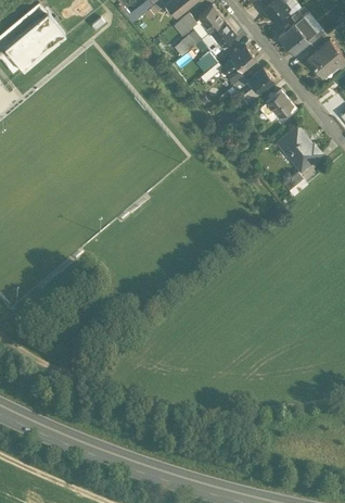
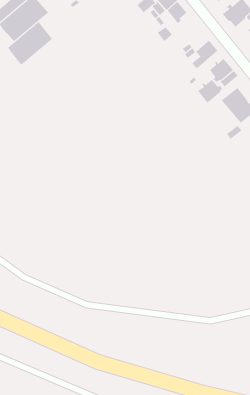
building: none -> [7,21,53,66]
building: [220,48,256,75] -> none
building: none -> [197,79,223,104]

